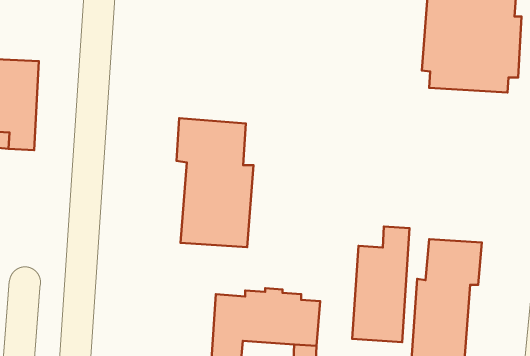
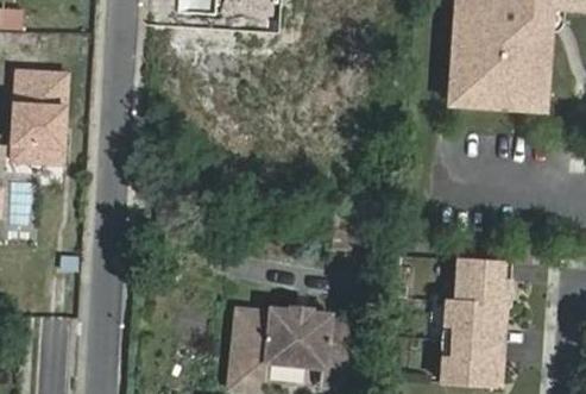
building: [176,118,254,247] -> none
building: [352,227,409,342] -> none

